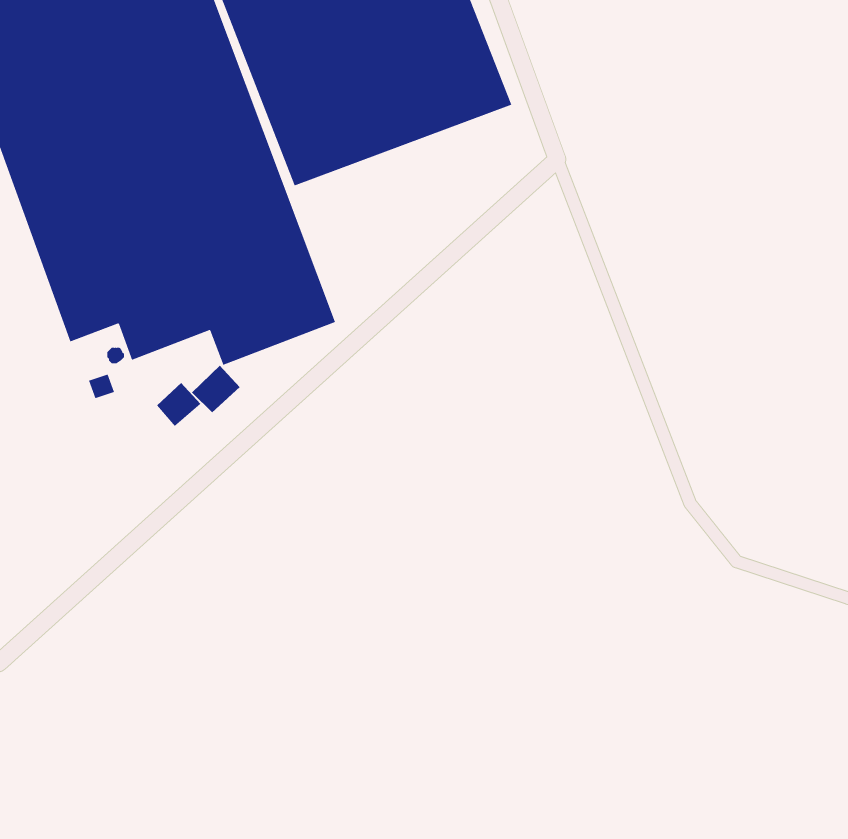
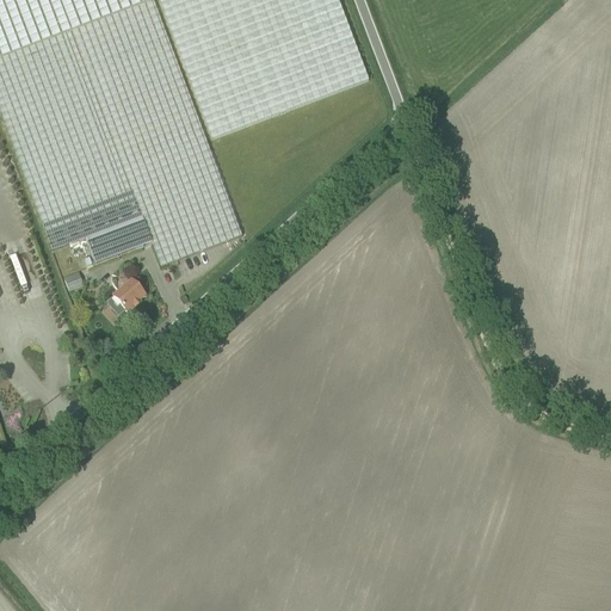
building: [191,365,240,413] -> none

